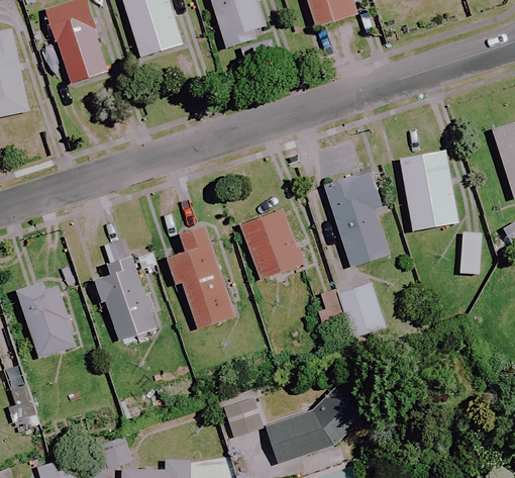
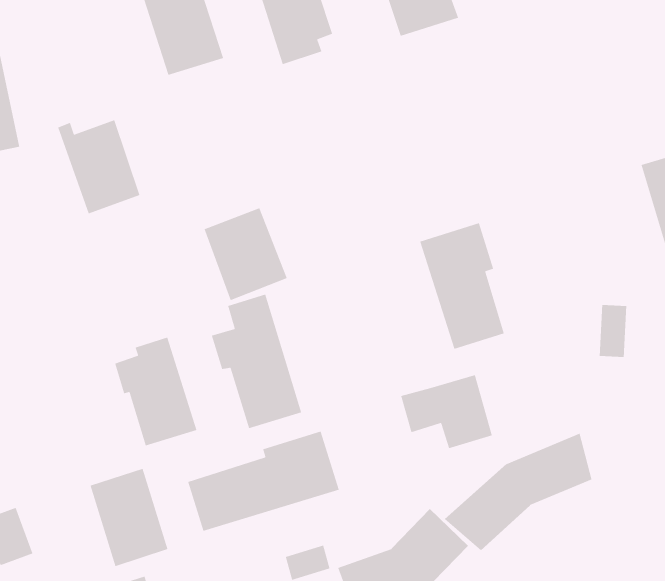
building: [43,13,106,85] -> [57,119,140,214]
building: [400,148,459,227] -> none
building: [241,207,305,278] -> [203,207,288,301]
building: [19,283,79,358] -> [89,468,169,567]
building: none -> [187,431,340,532]
building: none -> [444,433,592,551]

